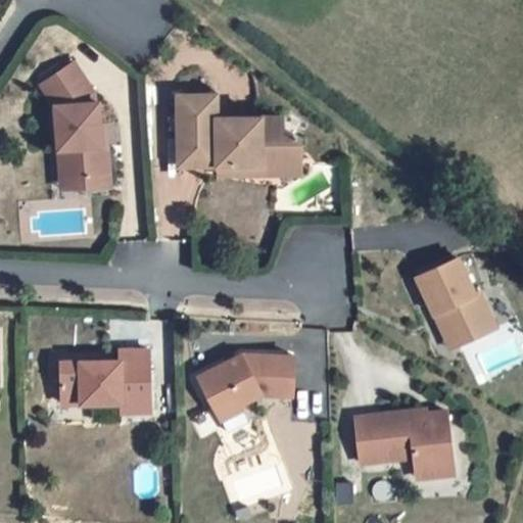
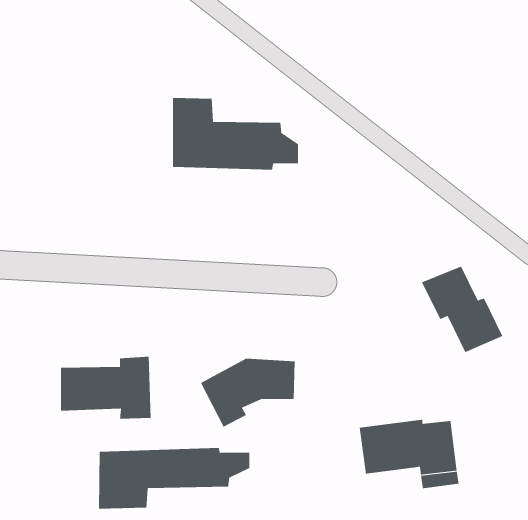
building: [37,62,104,177] -> none
building: none -> [99,447,250,509]

